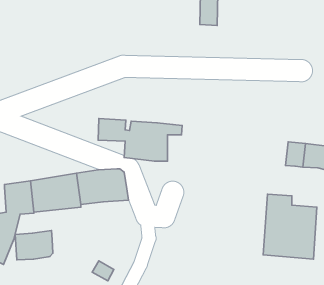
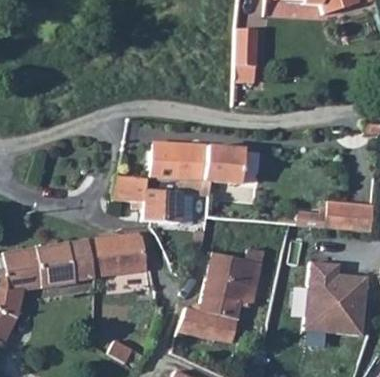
building: none -> [153,143,246,187]
building: none -> [183,254,263,342]
building: [15,230,53,260] -> none

